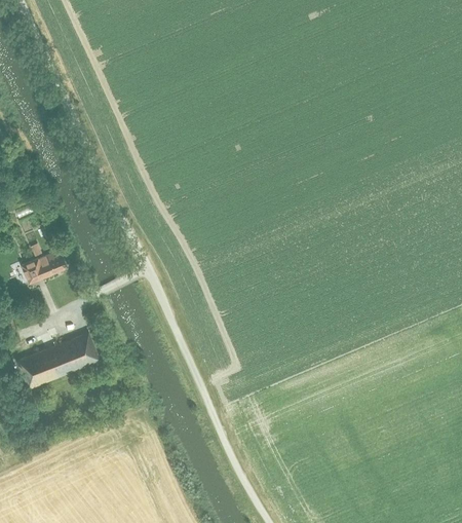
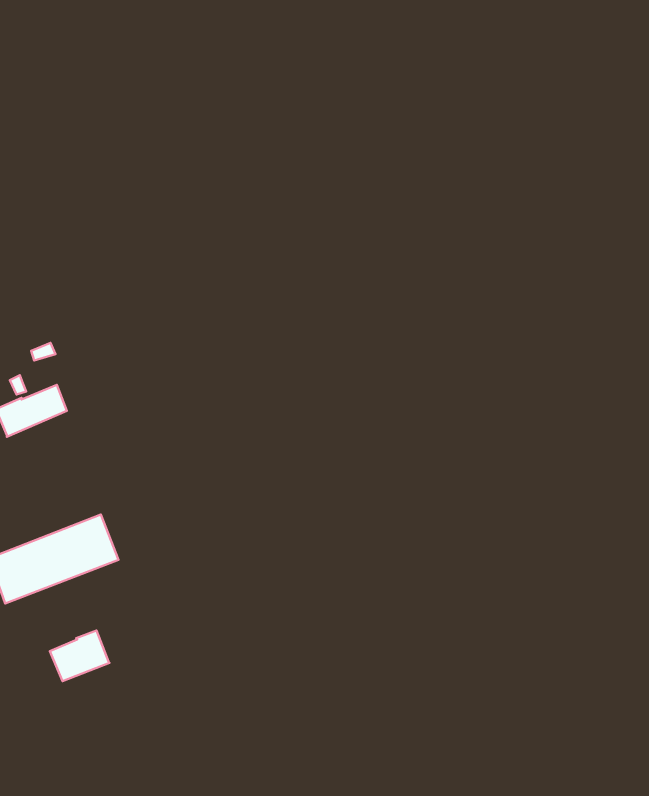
building: none -> [50,630,110,681]

